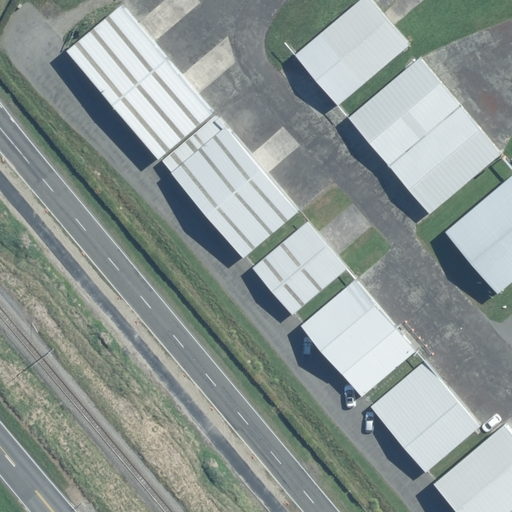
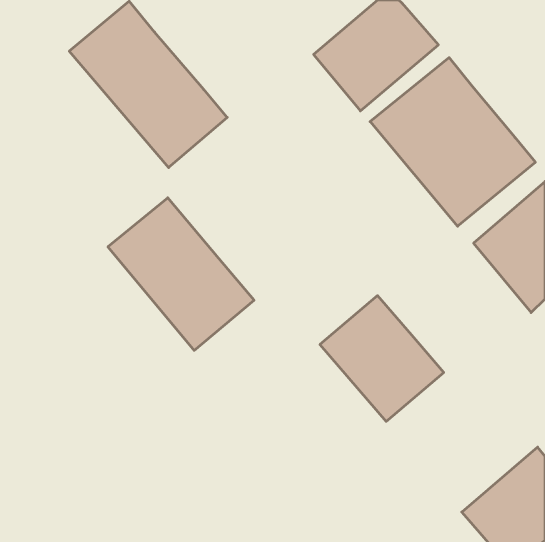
building: [162,116,299,259] -> [108,198,254,350]
building: [251,222,348,318] -> none
building: [368,361,480,475] -> none

